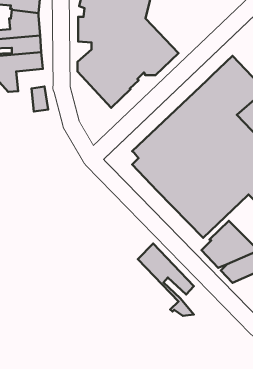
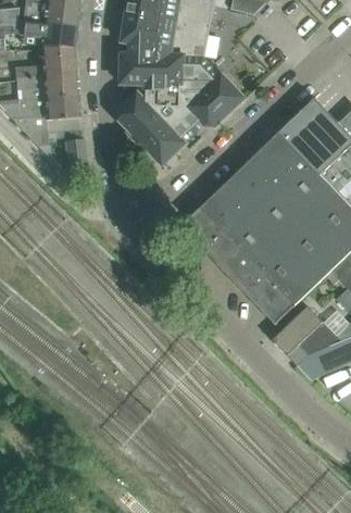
building: [138,244,194,316] -> none

